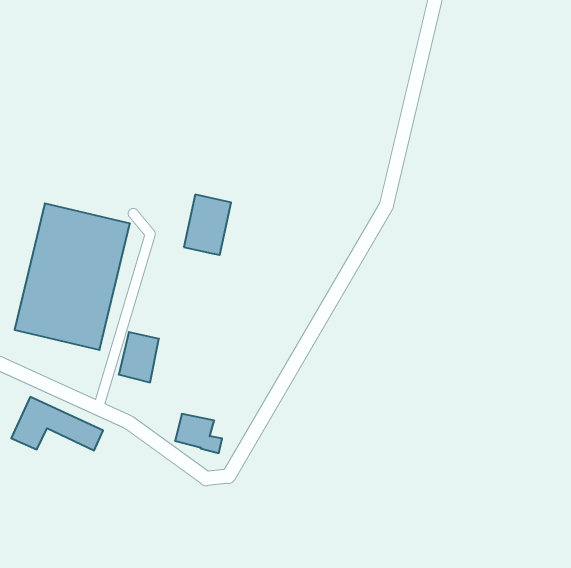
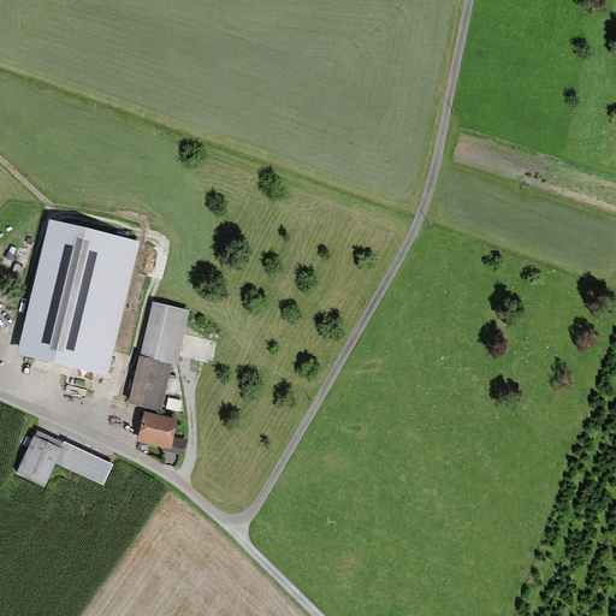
building: [184,195,231,255] -> [138,301,189,366]
building: [175,414,222,453] -> [136,411,186,454]

